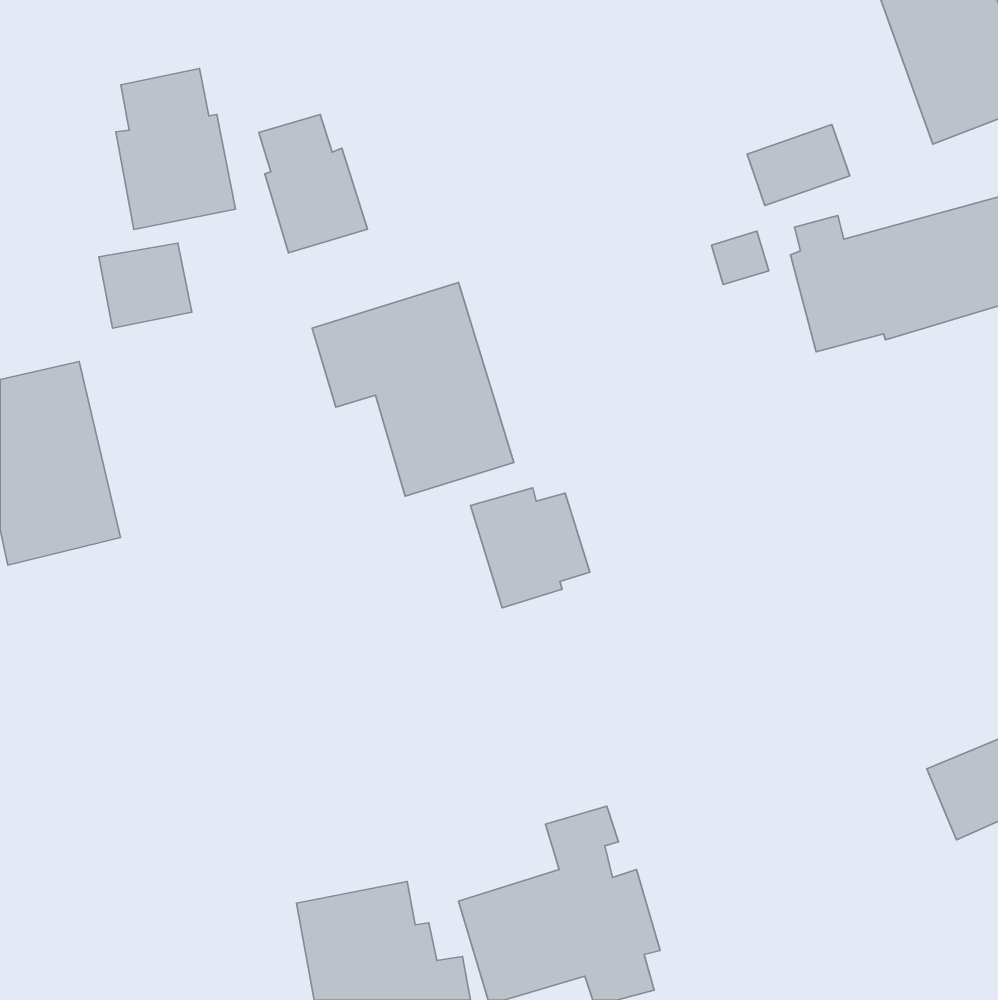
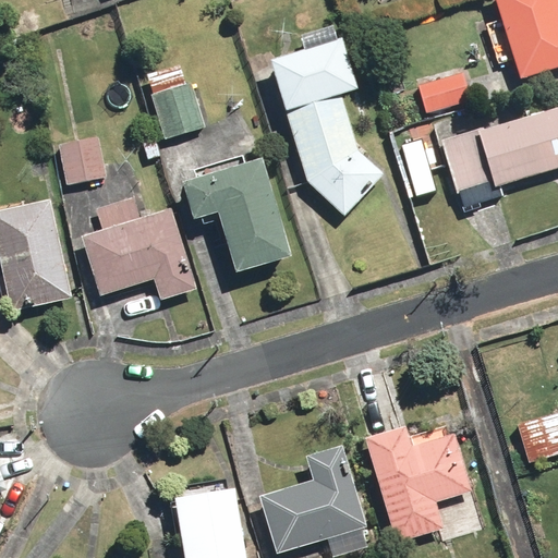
building: [116,69,236,229] -> none
building: none -> [251,43,386,215]
building: none -> [82,195,197,299]
building: [470,488,590,608] -> none
building: none -> [364,430,469,544]

